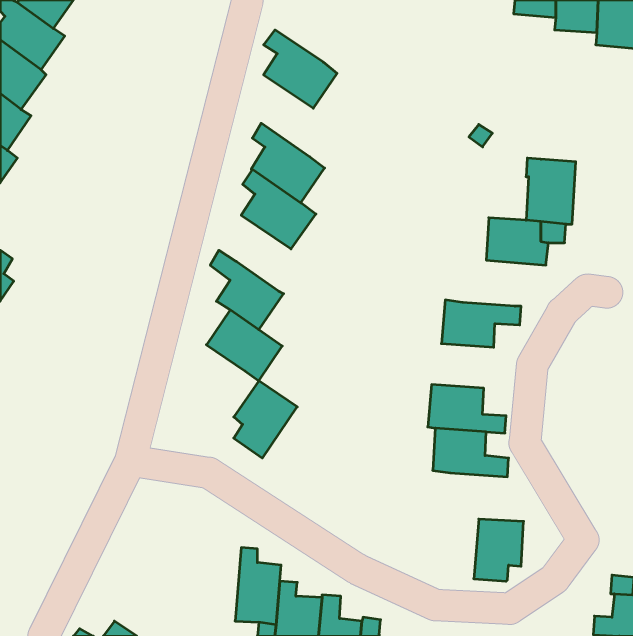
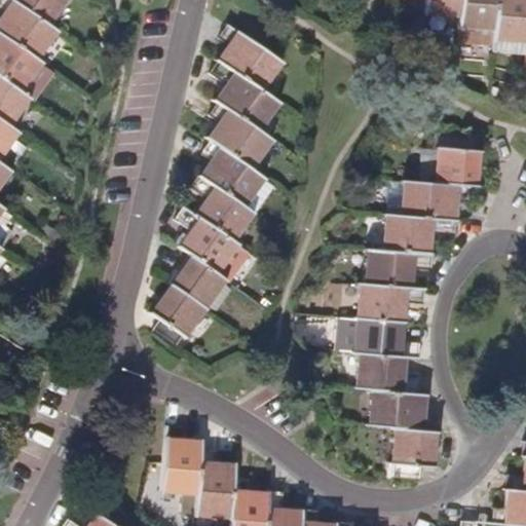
building: none -> [211,61,277,129]
building: none -> [192,176,251,240]
building: none -> [384,214,456,253]
building: none -> [359,284,419,321]
building: [234,381,297,458] -> [152,285,204,348]
building: none -> [371,390,436,430]
building: none -> [163,427,201,516]

